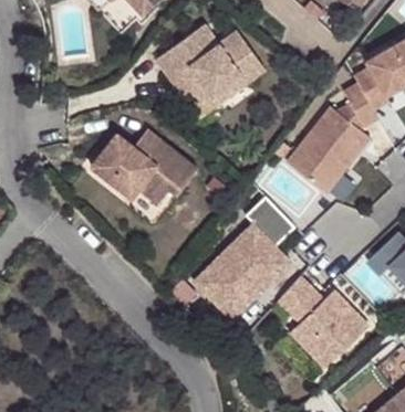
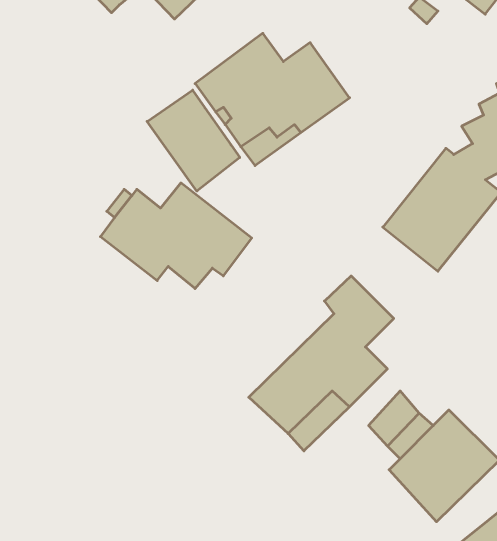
building: none -> [147,90,240,191]

